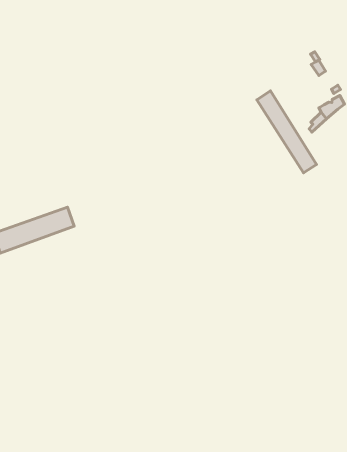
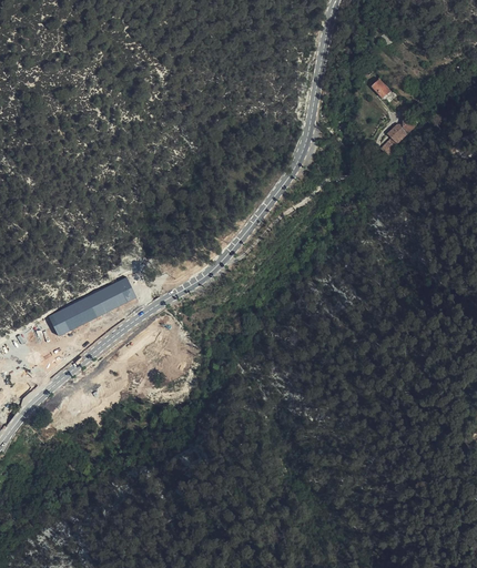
building: [257,91,317,173] -> none

